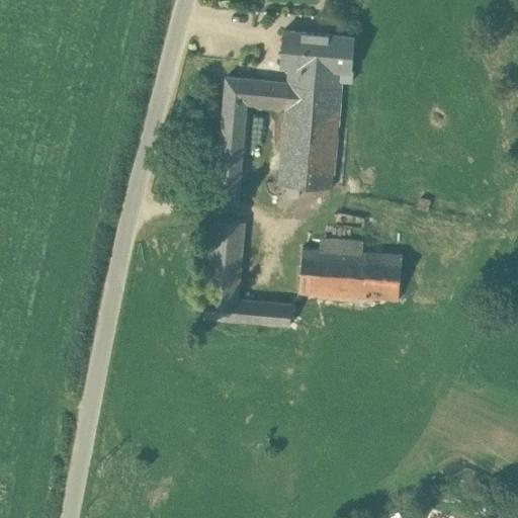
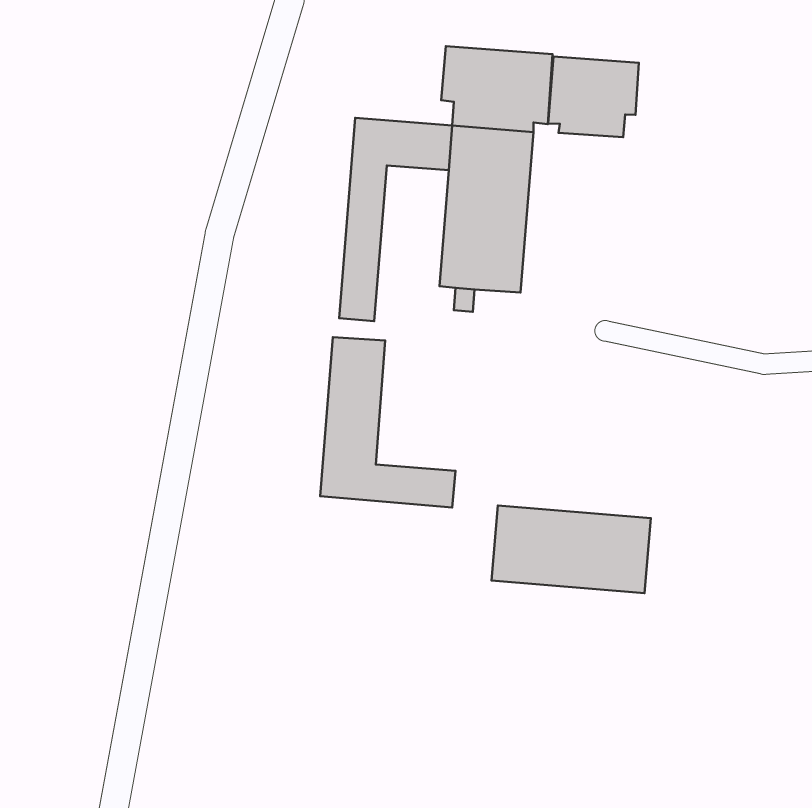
building: none -> [548,57,639,137]
building: [299,246,401,301] -> [492,506,651,593]

